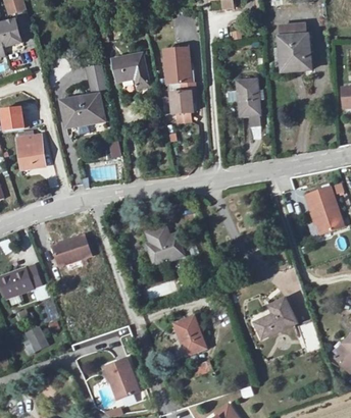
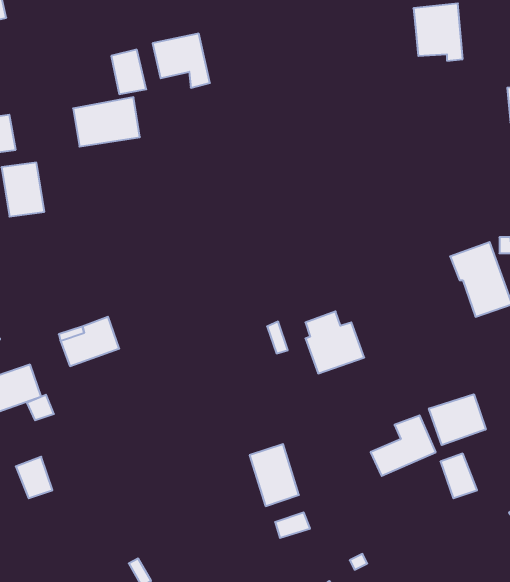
building: [165,47,196,112] -> none
building: [237,83,258,118] -> none
building: [147,225,185,265] -> [305,311,364,373]
building: none -> [429,394,486,445]
building: [101,356,136,397] -> none

